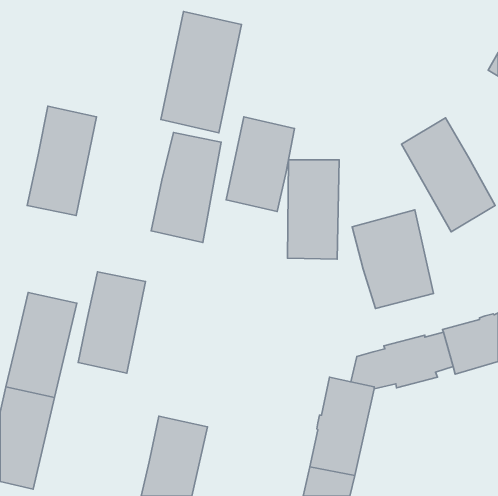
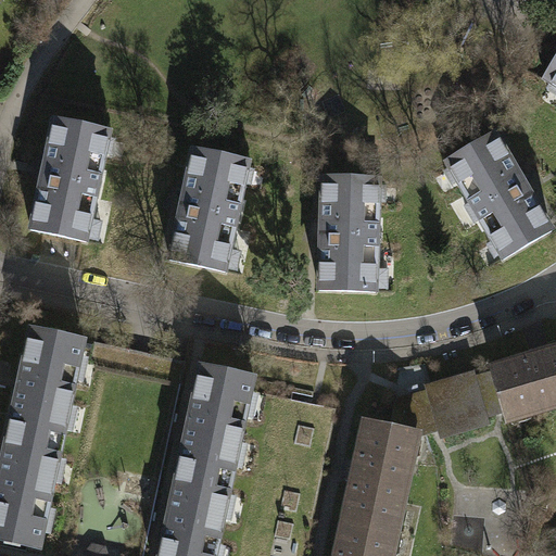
building: [161,11,242,133] -> none
building: [226,117,295,211] -> none
building: [352,210,433,309] -> none
building: [78,272,145,373] -> [177,363,252,476]

